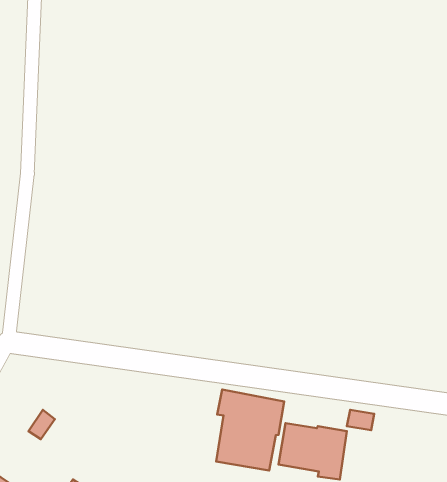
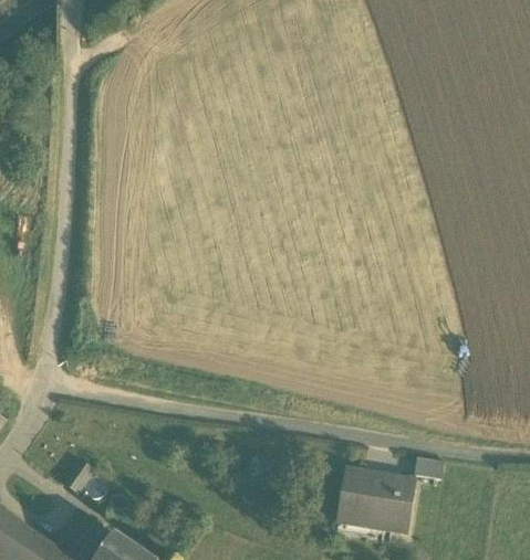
building: [216,390,284,471] -> none

